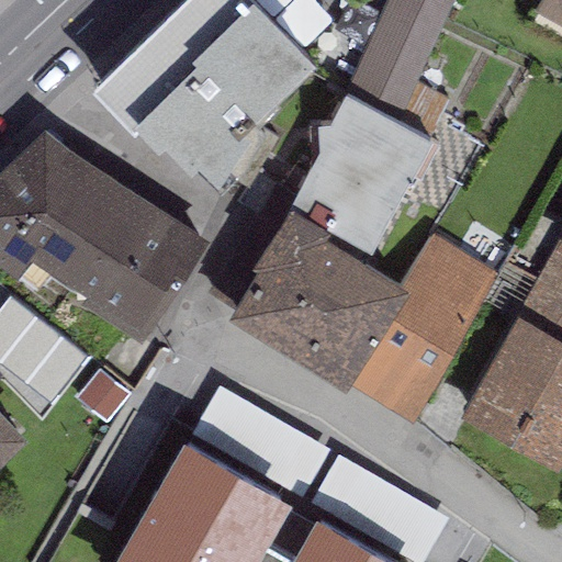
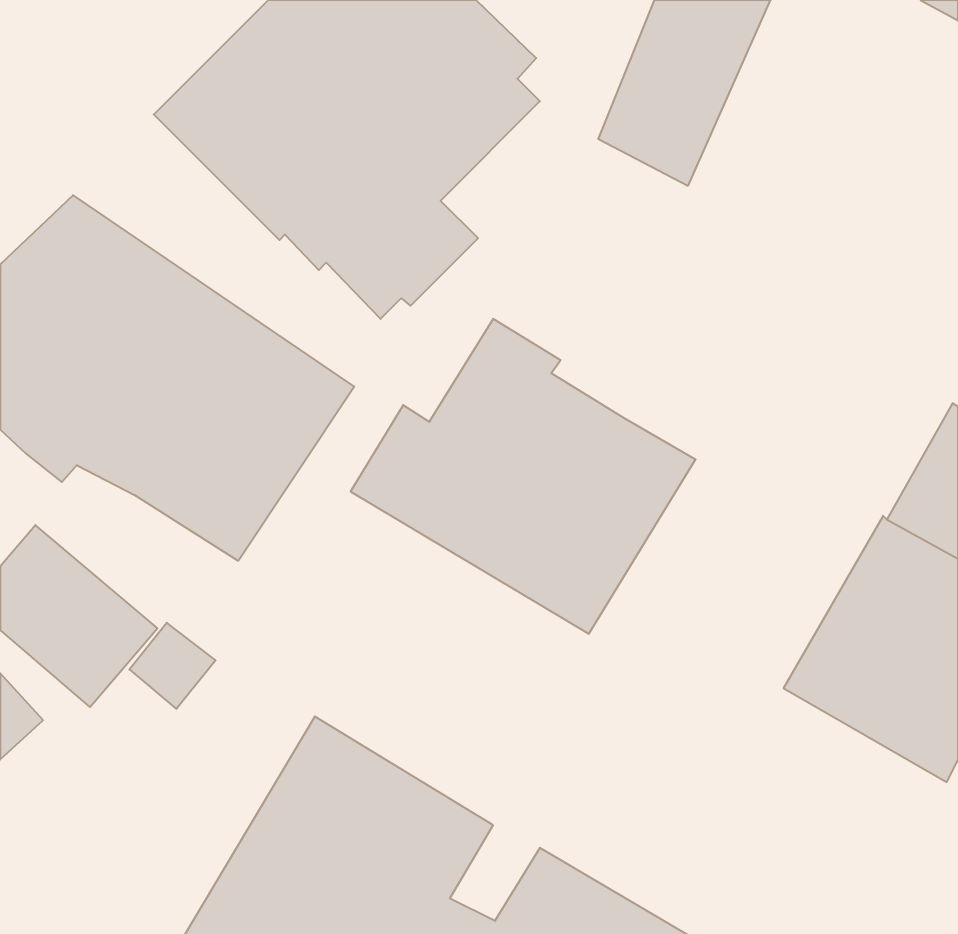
building: [289,92,432,259] -> none
building: [345,243,494,431] -> none

